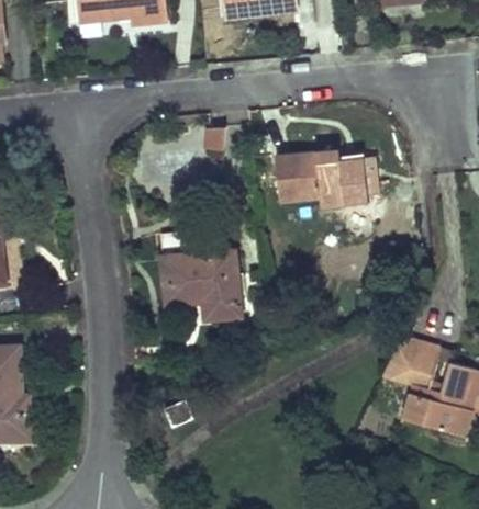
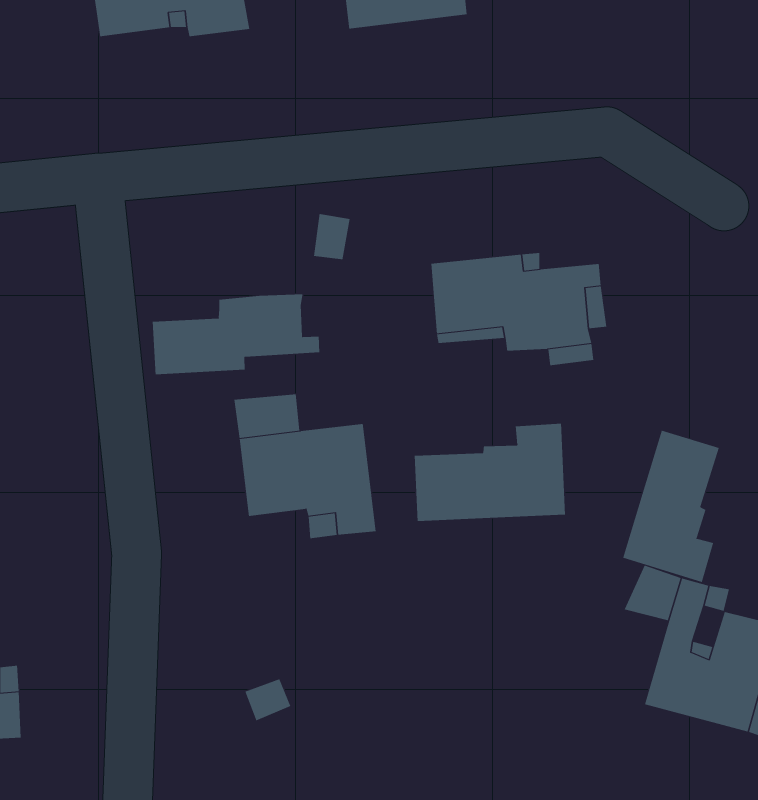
building: none -> [152,293,320,375]
building: none -> [414,423,565,522]
building: none -> [623,430,719,583]

